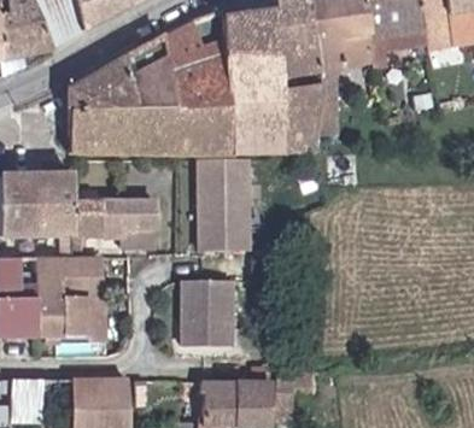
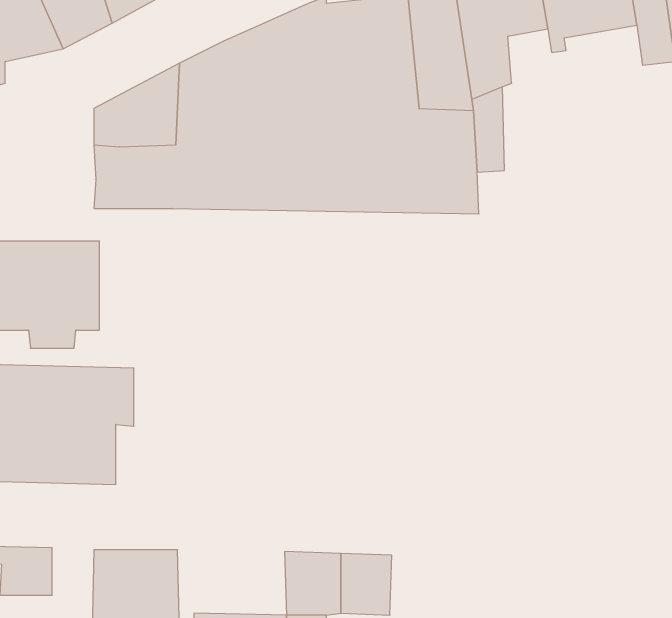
building: [201,159,252,251] -> none
building: [76,198,154,244] -> none
building: [182,281,233,345] -> none

